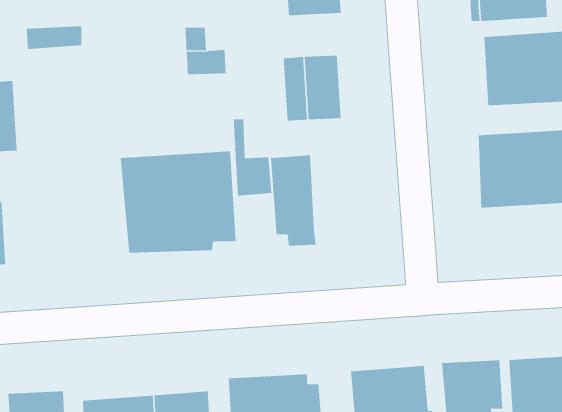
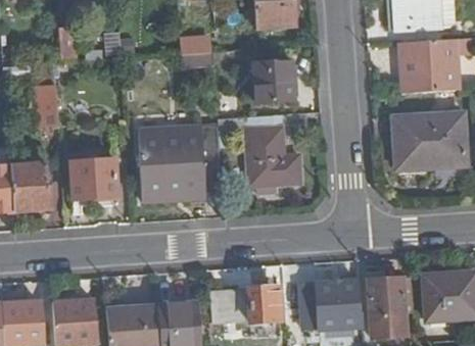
building: [233,119,272,196] -> [274,128,302,184]
building: none -> [73,157,118,206]

